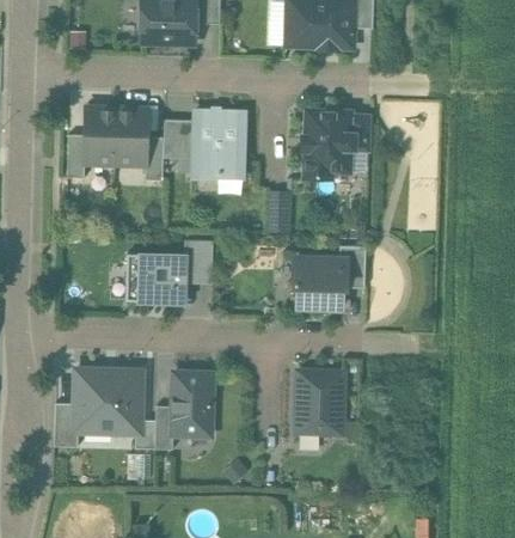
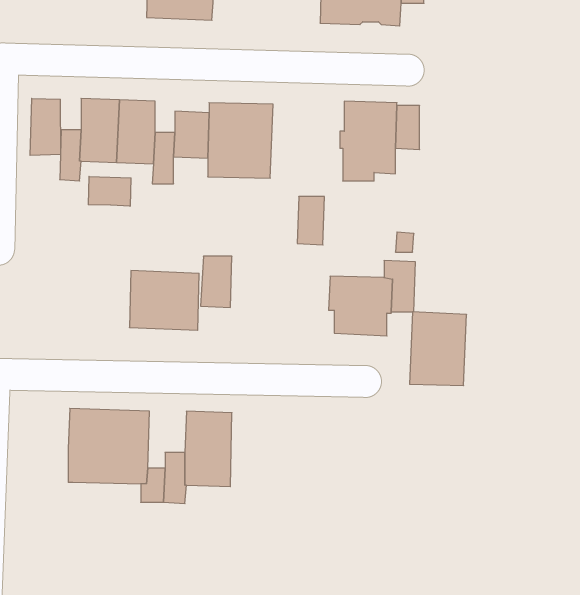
building: none -> [30,98,60,155]
building: none -> [88,176,131,206]
building: [295,371,343,433] -> [410,312,467,386]
building: [54,403,78,447] -> none

